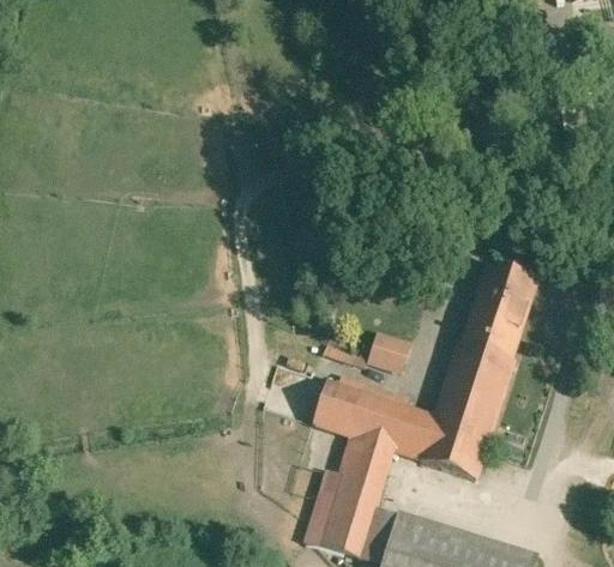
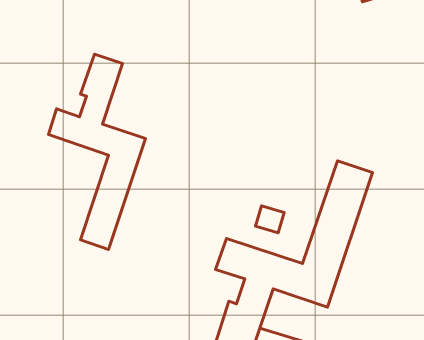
building: none -> [48,54,146,249]

